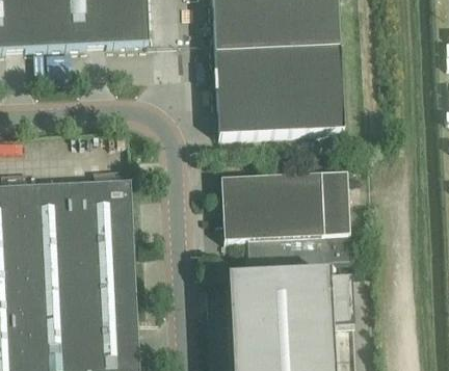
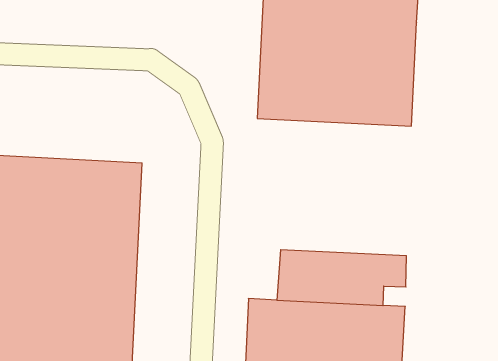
building: [220,169,350,238] -> none

